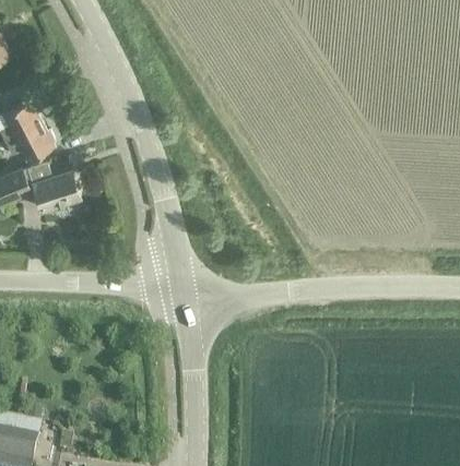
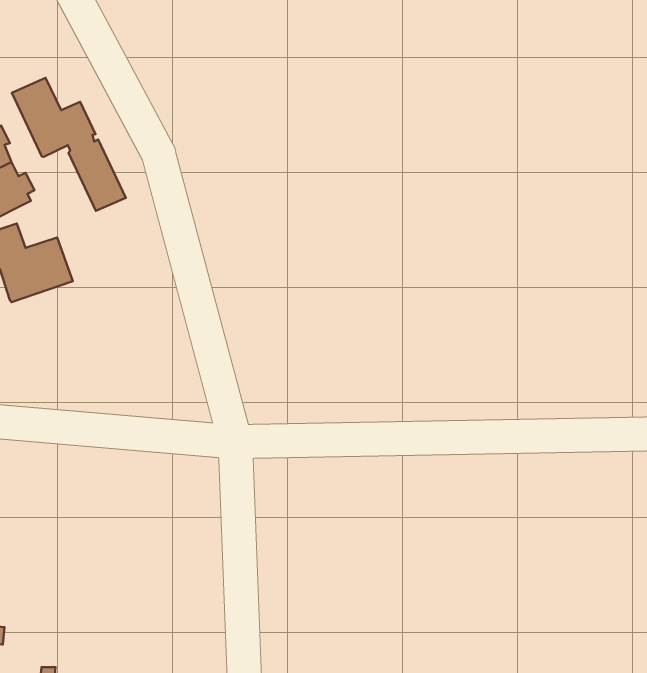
building: none -> [12,78,126,211]

